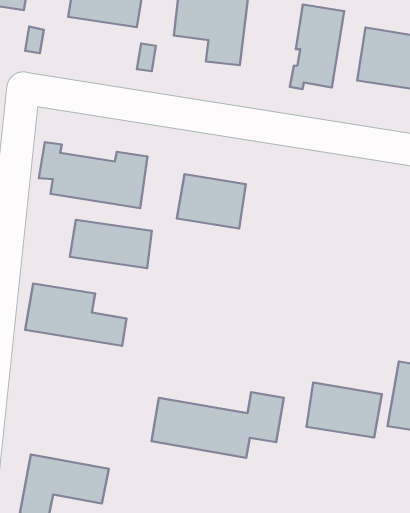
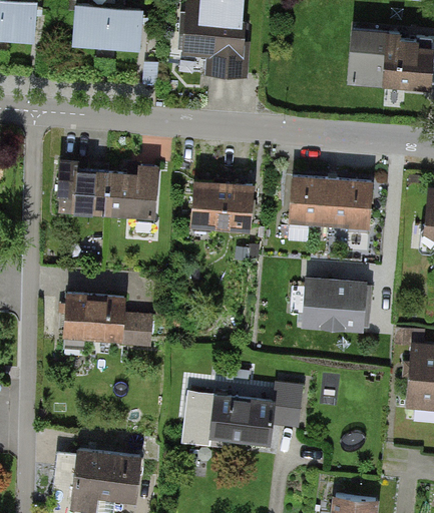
building: [290,5,344,89] -> none
building: none -> [289,176,373,241]
building: [70,220,152,268] -> none
building: [307,382,382,437] -> [298,278,366,325]

